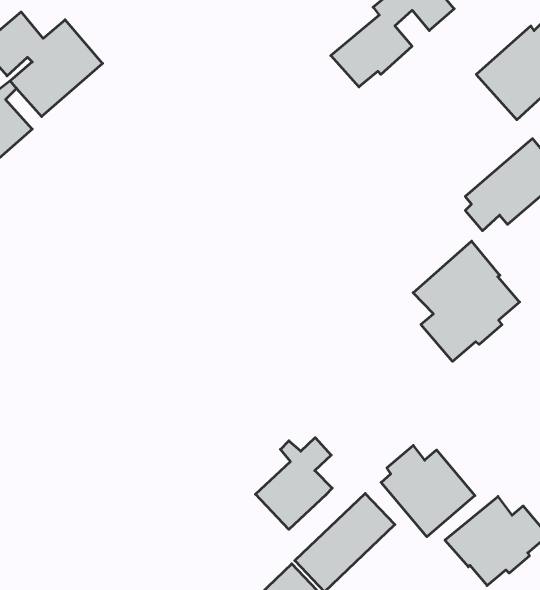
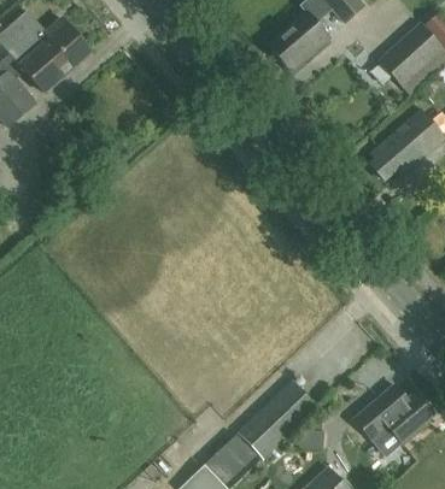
building: [413,241,520,361] -> none
building: [255,438,332,529] -> none
building: [381,445,475,537] -> none

